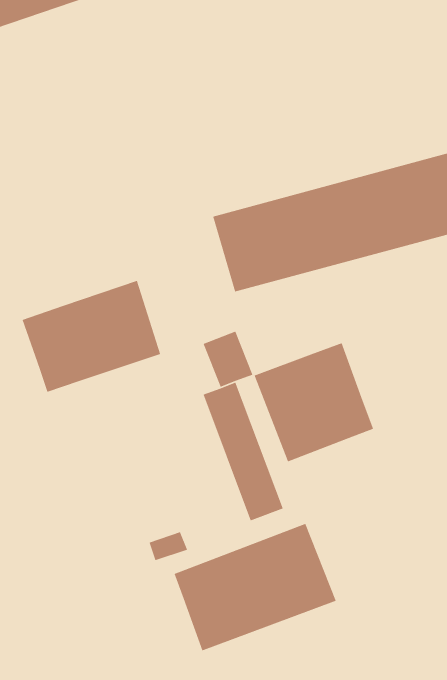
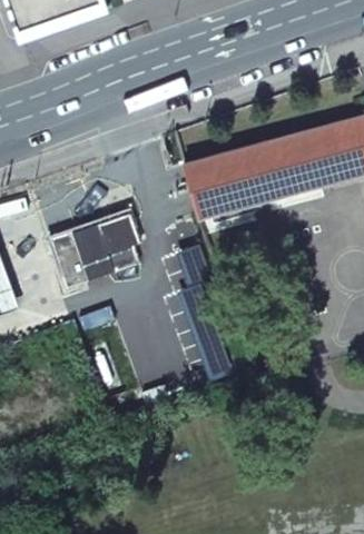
building: [253,342,374,463] -> none
building: [173,523,337,651] -> none

